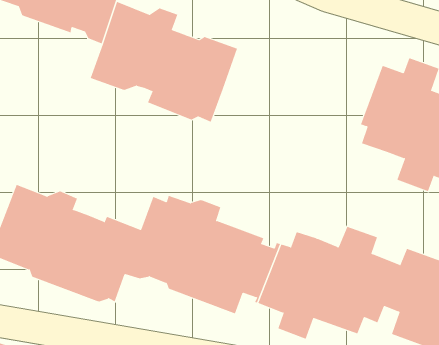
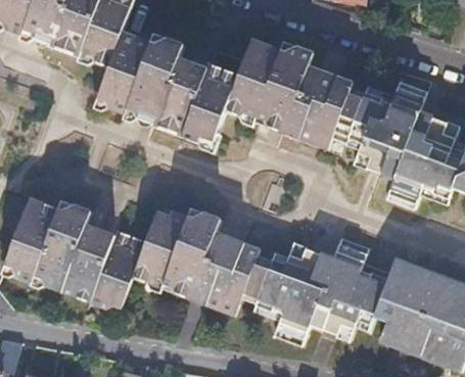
building: none -> [223,40,370,148]

